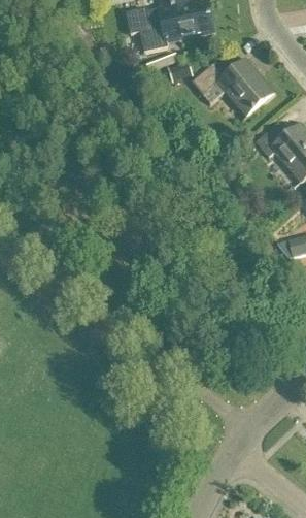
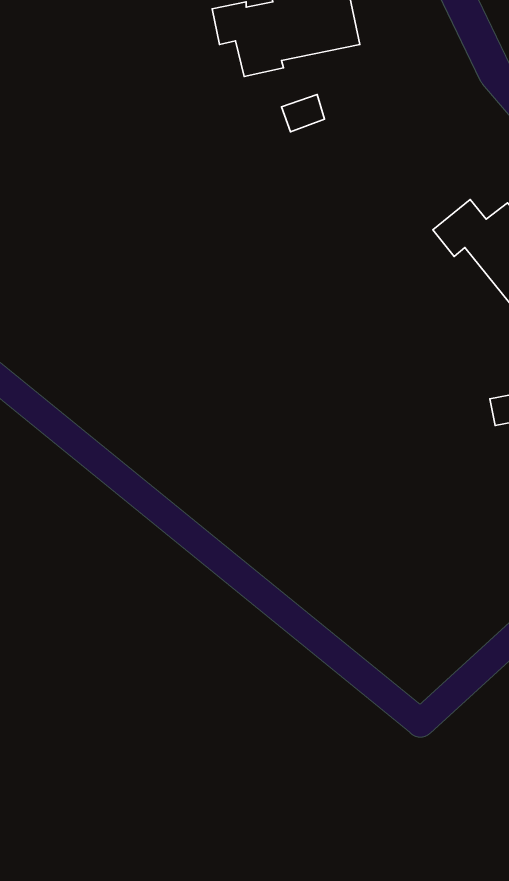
building: [191,57,275,117] -> none

